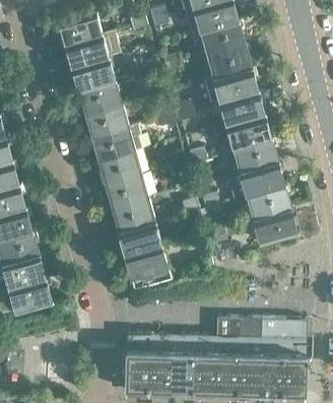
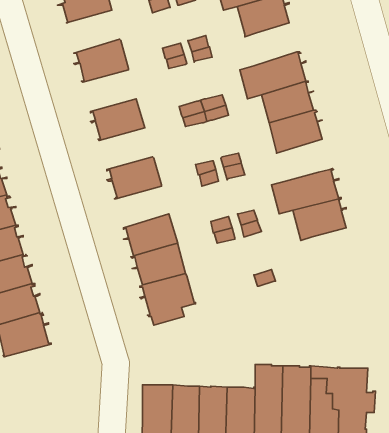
building: [66,36,122,73] -> none
building: [209,48,251,83] -> none
building: [79,86,122,120] -> none
building: [92,130,142,166] -> none
building: [235,142,277,176] -> none
building: [106,180,148,213] -> none
building: [254,212,299,249] -> none

